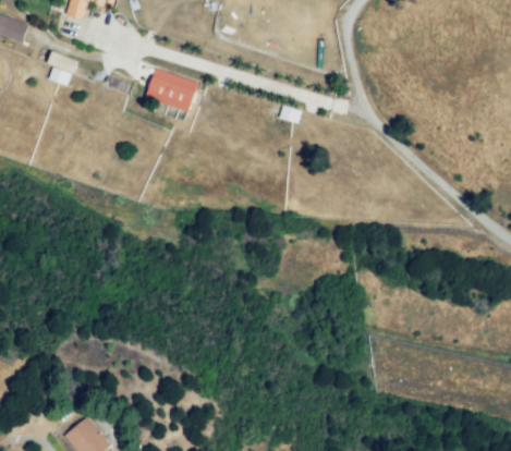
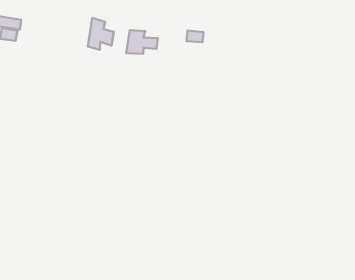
building: none -> [126,30,158,54]

